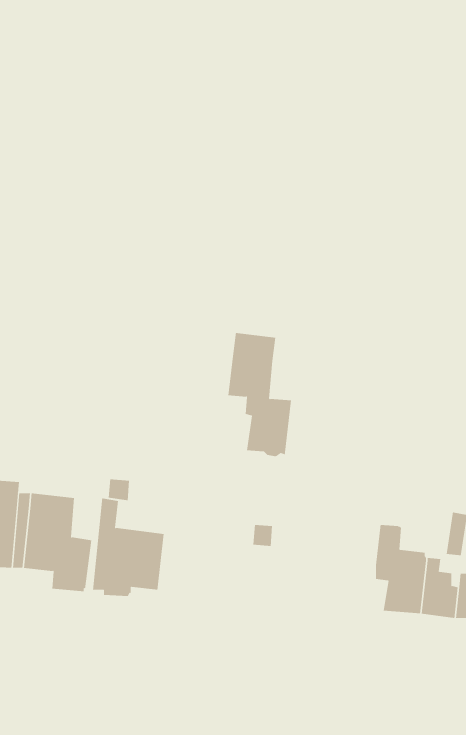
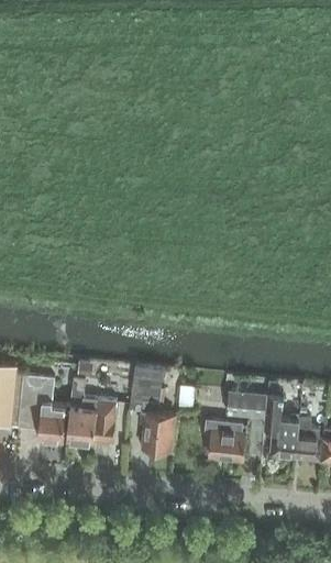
building: [227,333,292,457] -> [129,366,174,453]
building: none -> [227,391,266,419]
building: none -> [205,419,246,461]

